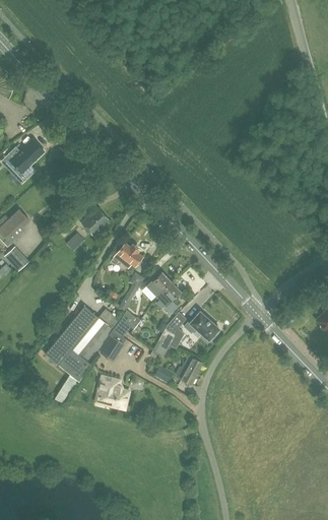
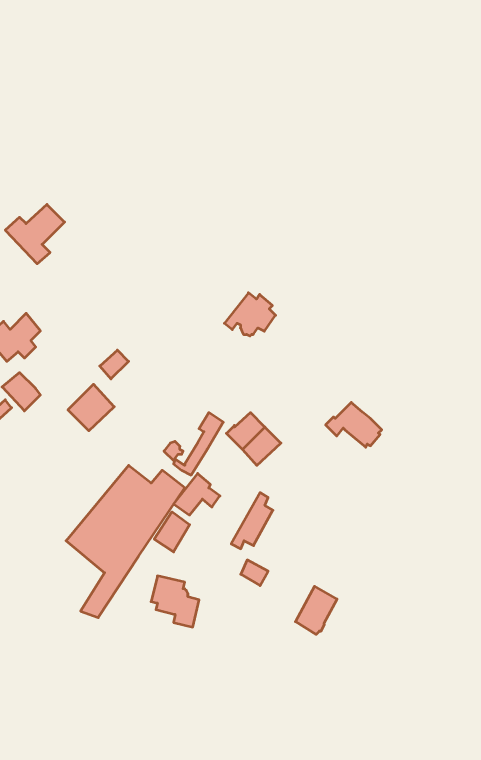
building: [80,207,110,237] -> [68,384,114,431]
building: [110,242,142,269] -> [224,293,276,336]
building: [184,312,219,340] -> [326,402,382,447]
building: [177,354,203,385] -> [295,586,337,634]

